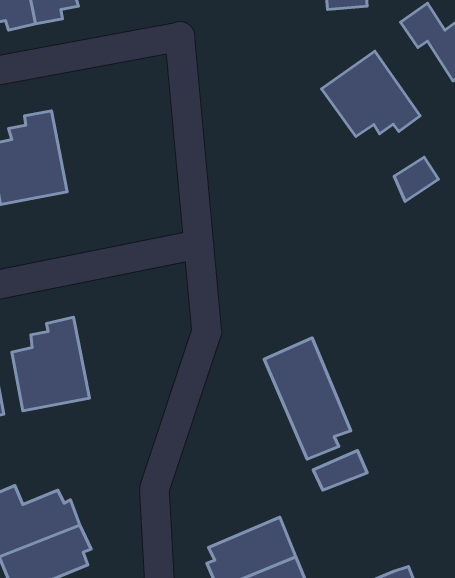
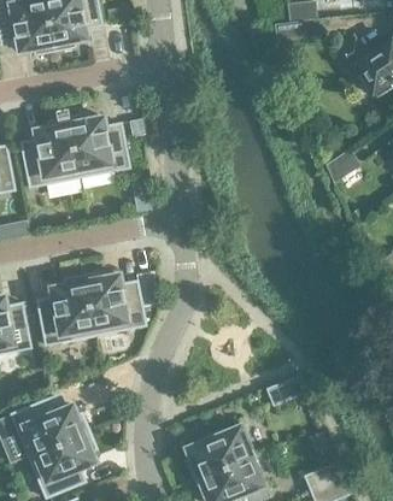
building: [322,51,420,137] -> none
building: none -> [68,112,130,178]
building: none -> [84,270,146,335]
building: [264,338,351,459] -> none

